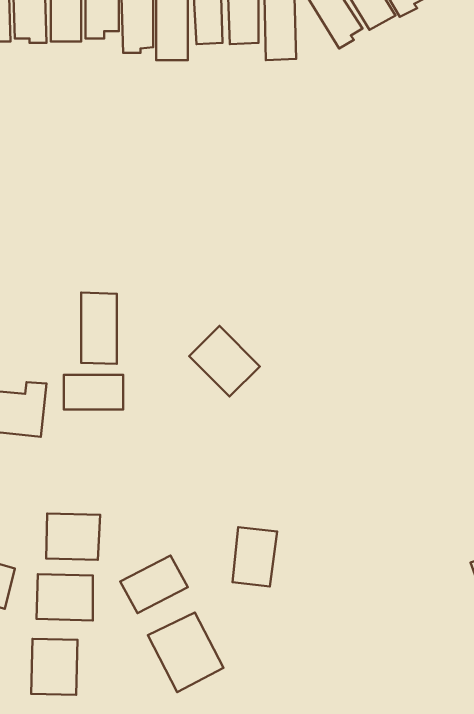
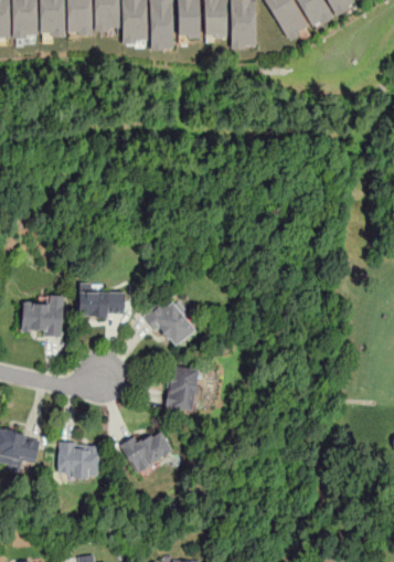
building: [81,293,117,364] -> none
building: [189,326,260,397] -> [145,294,199,348]
building: [46,514,100,560] -> none
building: [232,527,277,587] -> [166,365,200,411]
building: [148,612,224,692] -> none
building: [31,639,78,695] -> none

